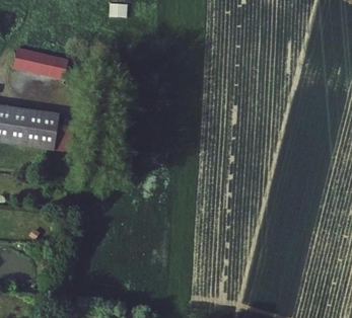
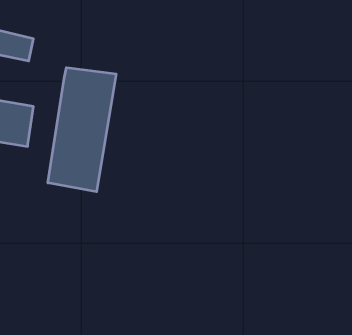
building: none -> [48,68,116,192]

